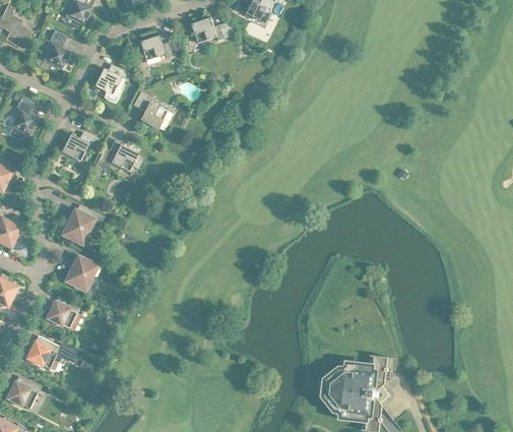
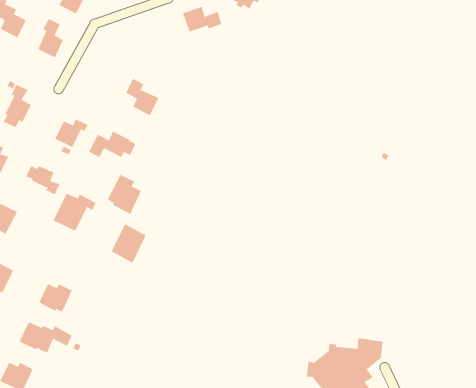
building: [139,36,173,61] -> none
building: [94,64,128,103] -> none
building: none -> [25,165,60,195]
building: none -> [107,174,141,215]
building: [63,253,100,294] -> [111,224,147,263]

